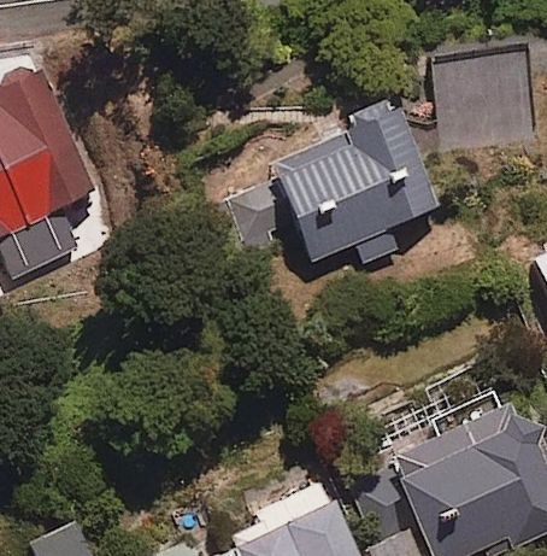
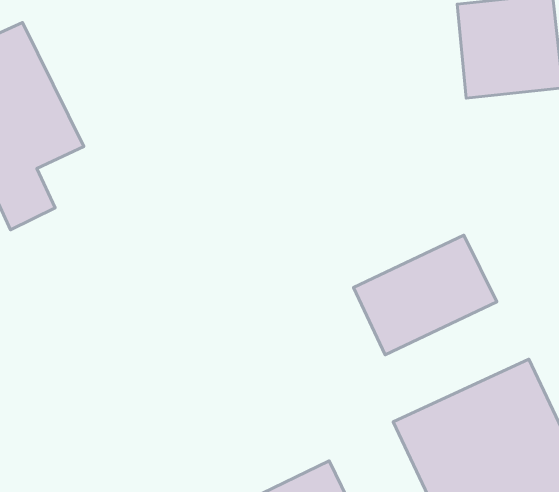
building: [229,112,434,263] -> none
building: none -> [354,235,497,355]

